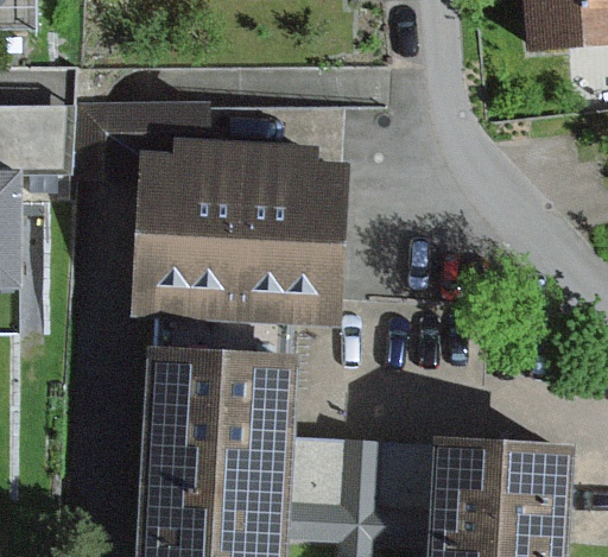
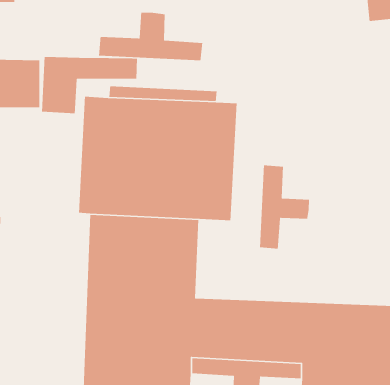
building: none -> [98,12,203,61]
building: none -> [259,164,310,249]

